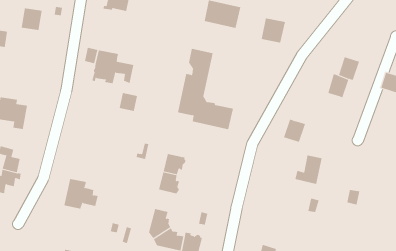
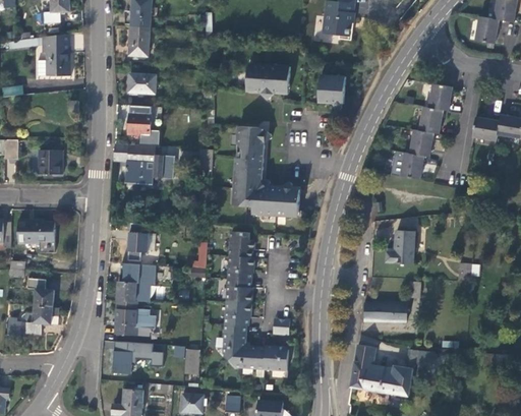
building: [21,8,42,31] -> [38,150,60,174]
building: none -> [128,113,151,137]
building: none -> [428,84,452,111]
building: [119,92,138,111] -> [128,232,149,252]
building: [283,119,306,143] -> [399,153,423,179]
building: none -> [229,232,253,256]
building: none -> [117,264,156,305]
building: none -> [224,300,250,324]
building: none -> [362,302,406,321]
building: none -> [114,344,165,375]

